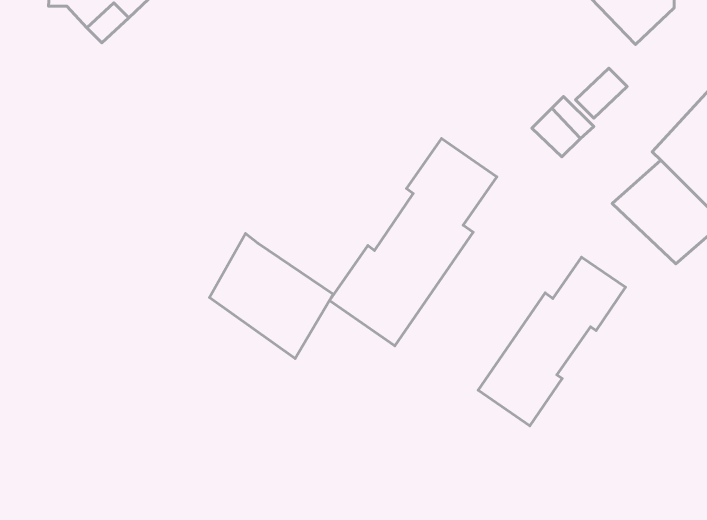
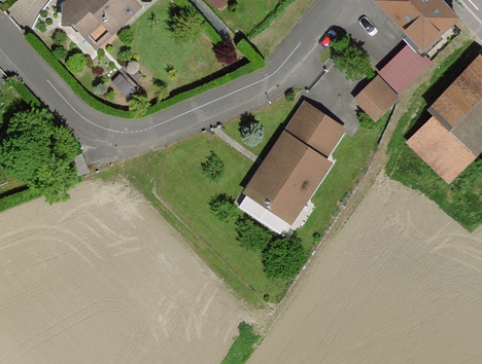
building: [210,233,333,358] -> none
building: [478,257,626,426] -> none

